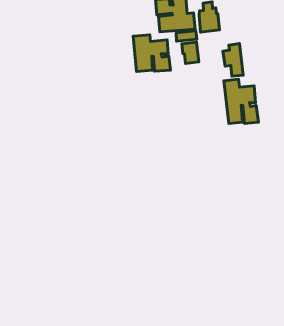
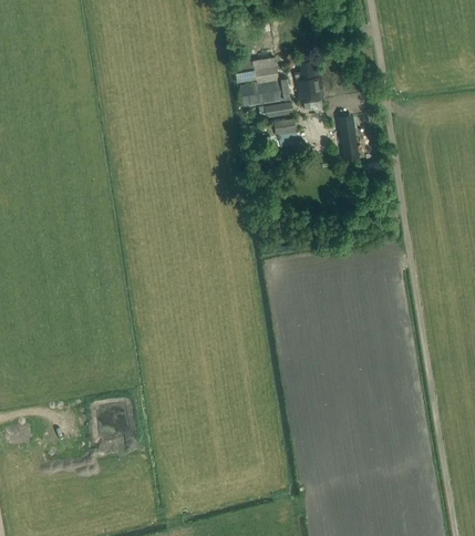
building: [133,35,170,71] -> none
building: [224,79,258,124] -> none

